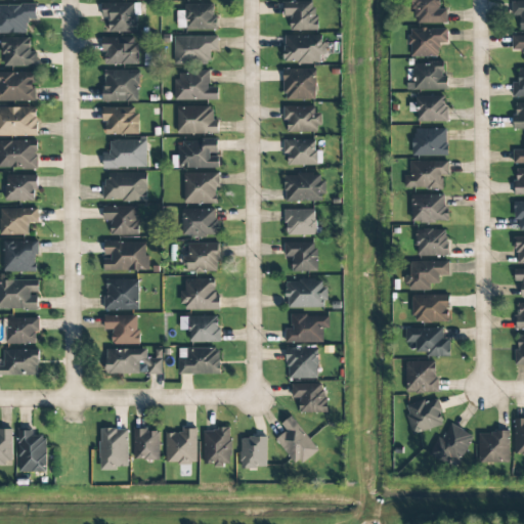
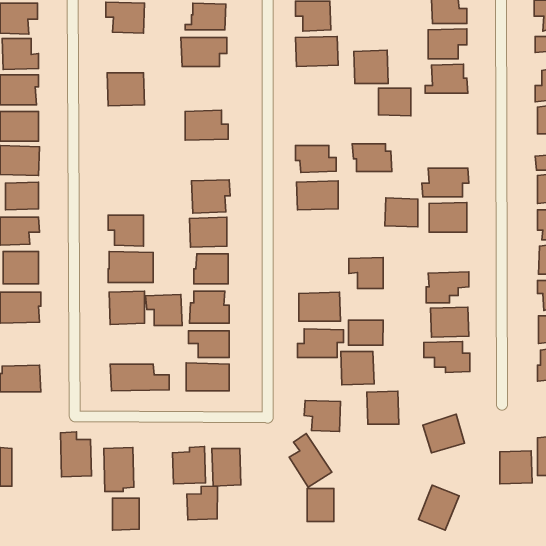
building: [102,37,138,64] -> none
building: [283,68,316,99] -> [354,50,388,83]
building: [176,71,219,100] -> none
building: [417,95,447,122] -> [379,88,411,116]
building: [283,105,321,132] -> [352,144,392,172]
building: [102,106,138,134] -> none
building: [413,128,447,155] -> none
building: [103,139,147,168] -> none
building: [178,139,219,168] -> none
building: [105,172,147,201] -> none
building: [286,209,316,235] -> none
building: [417,228,448,256] -> [385,198,418,227]
building: [285,242,317,271] -> [349,258,383,289]
building: none -> [348,320,383,345]
building: [104,314,139,344] -> [146,295,182,326]
building: [7,317,39,343] -> none
building: [287,347,318,379] -> [341,352,374,385]
building: [406,360,437,392] -> [367,391,399,424]
building: [434,423,473,466] -> [418,485,459,530]
building: [18,429,48,472] -> [60,432,91,477]
building: [134,429,160,460] -> [112,498,139,530]
building: [242,436,267,468] -> [307,488,334,522]
building: none -> [187,486,217,520]

